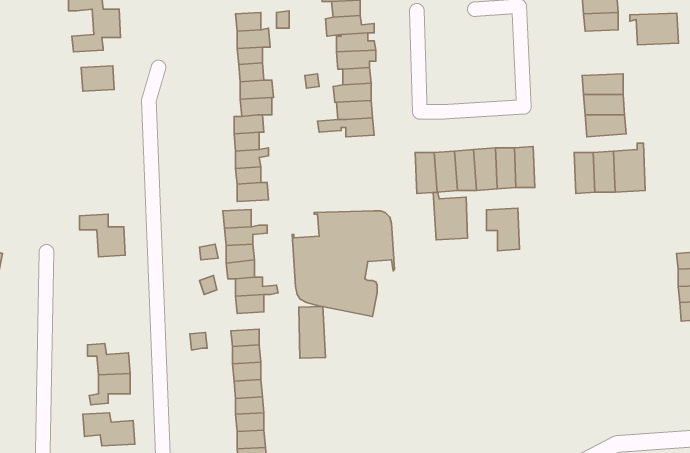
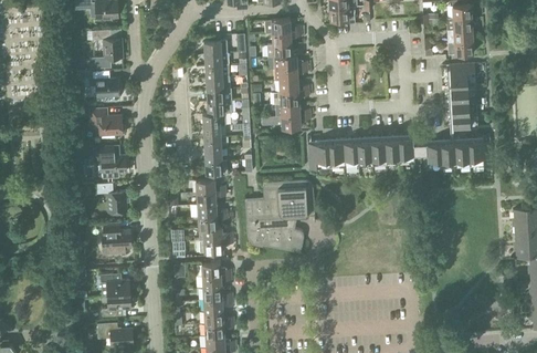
building: [630,13,679,45] -> [442,63,476,85]
building: none -> [90,108,123,135]
building: none -> [93,144,127,178]
building: [433,192,468,240] -> [307,136,331,169]
building: [486,208,520,251] -> [420,139,443,169]
building: none -> [102,222,131,253]
building: [299,307,326,358] -> none

